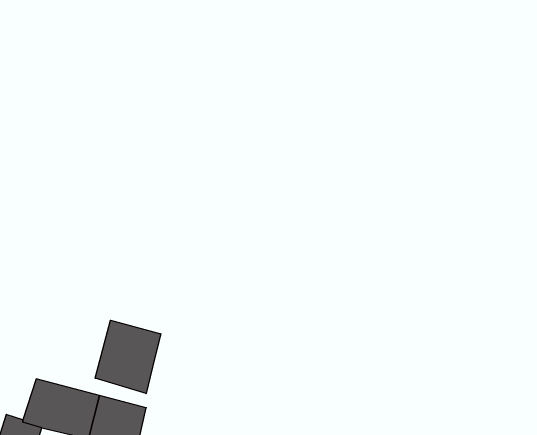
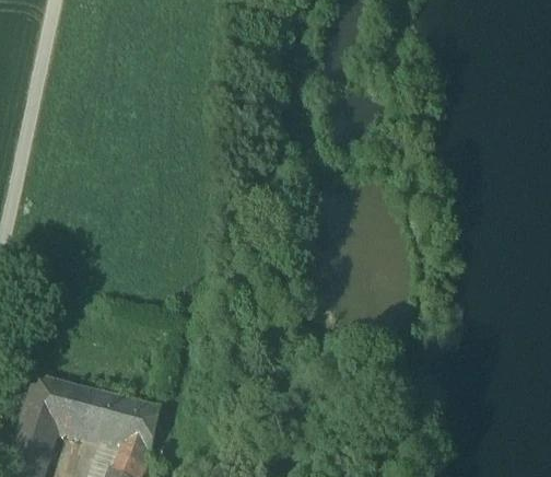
building: [95,320,161,394] -> none
building: none -> [20,380,49,424]

